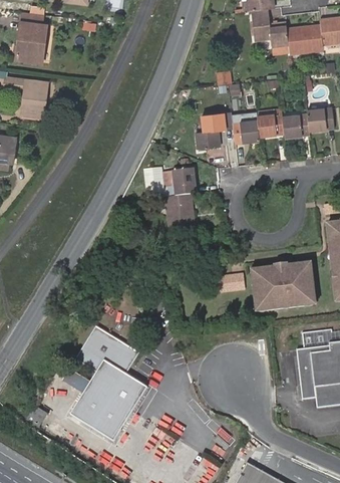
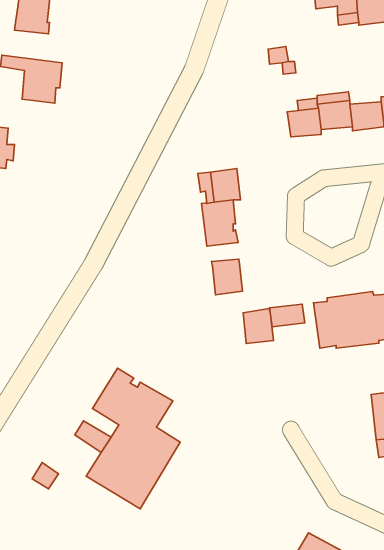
building: [196,109,233,150] -> none
building: none -> [212,259,242,295]
building: none -> [243,309,273,344]

